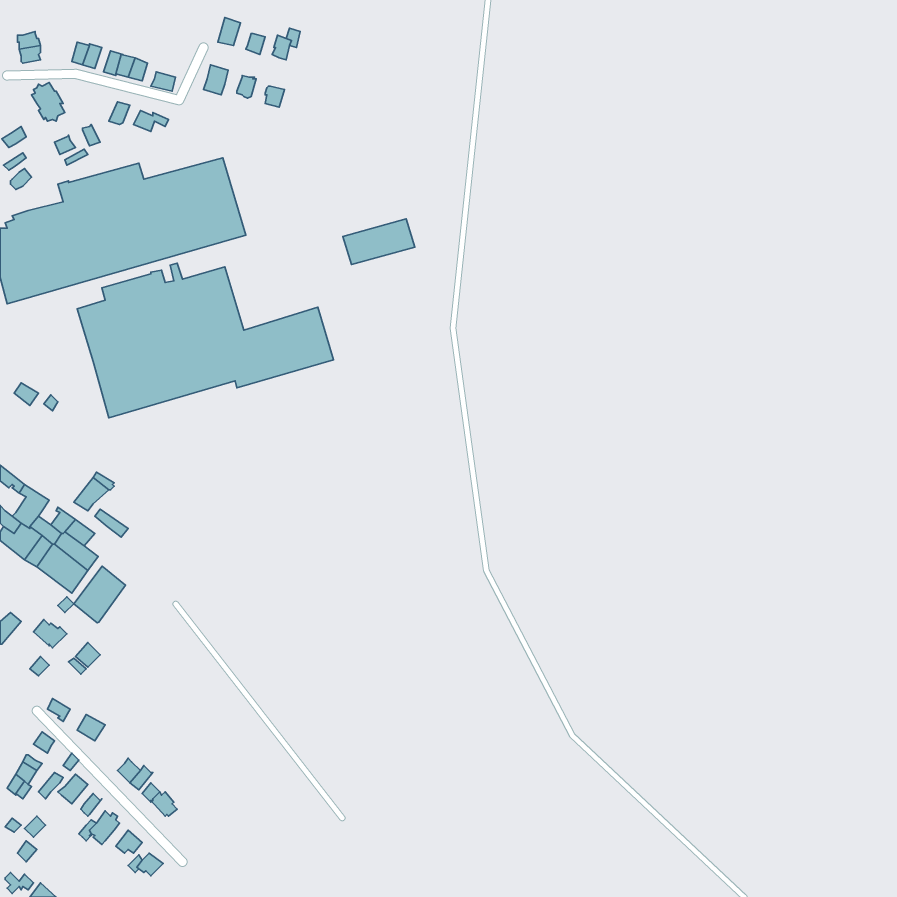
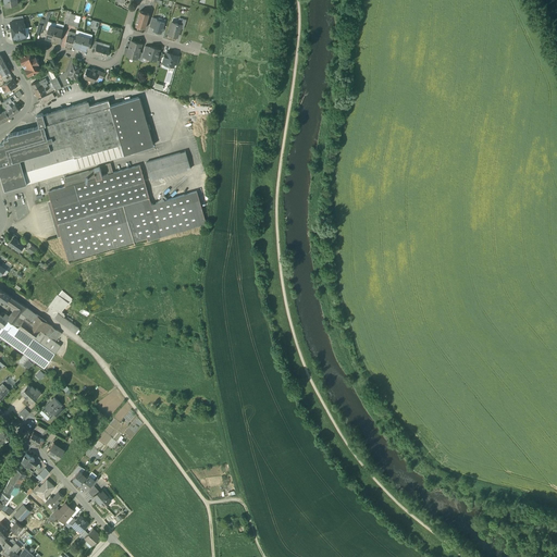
building: [343,219,415,265] -> [146,151,190,180]
building: [74,566,125,623] -> none

